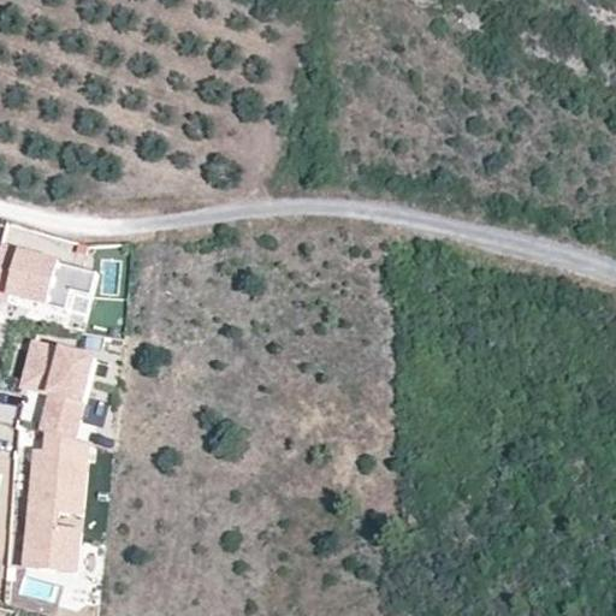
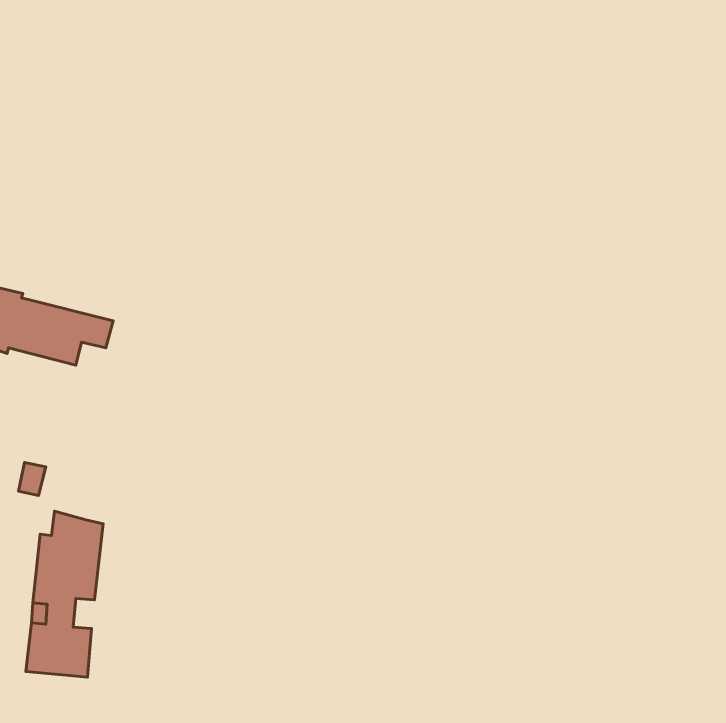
building: [20,339,93,437] -> none

